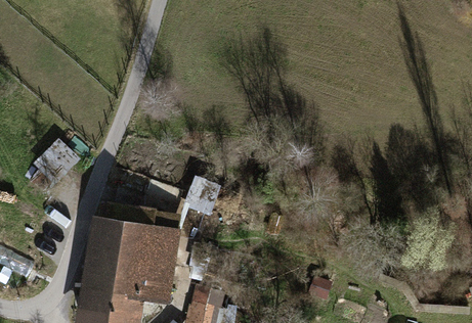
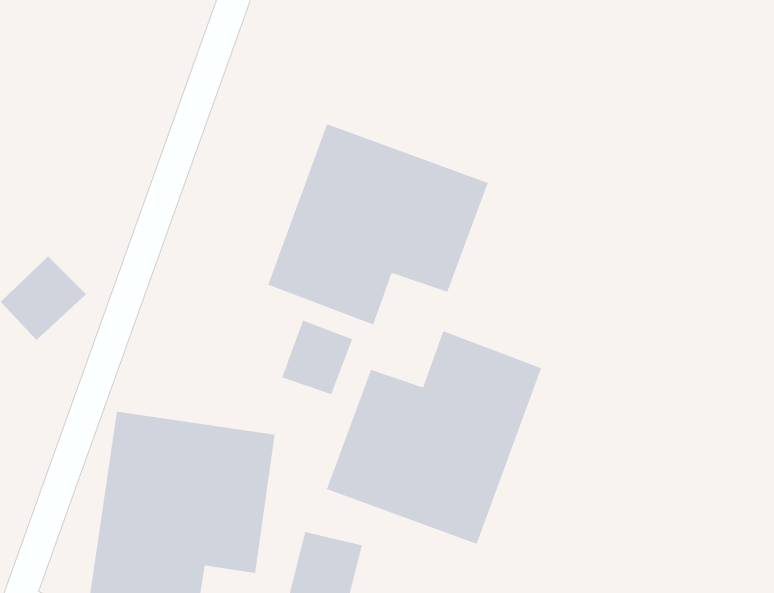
building: none -> [267,123,489,325]
building: none -> [326,330,542,545]

